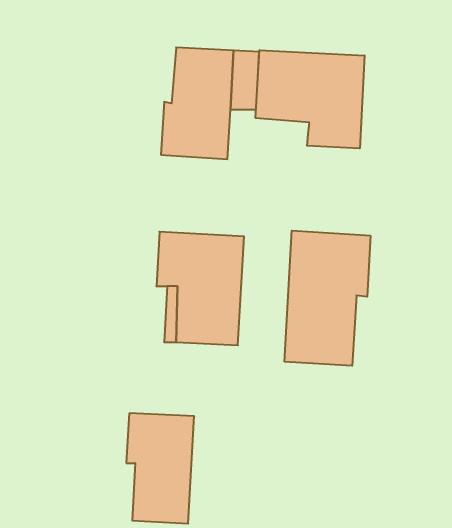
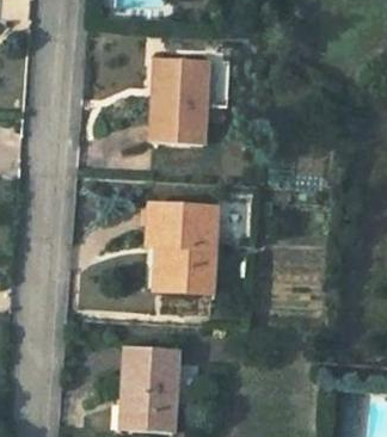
building: [256,50,365,148] -> none
building: [285,231,370,366] -> none

